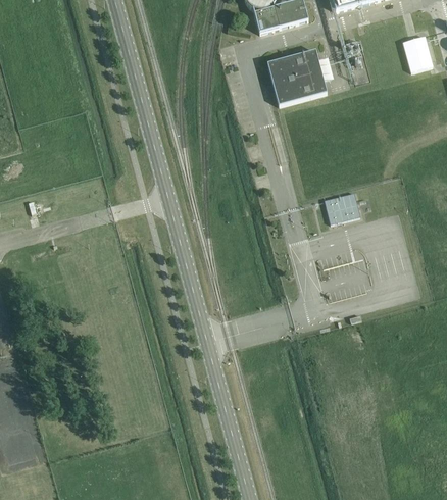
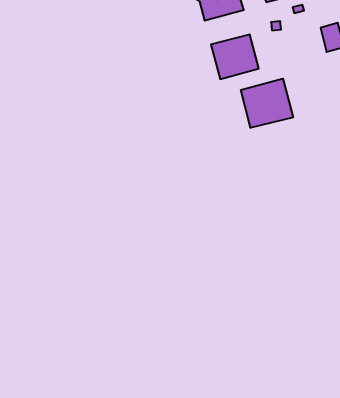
building: none -> [241,79,293,128]
building: [325,191,360,222] -> none

